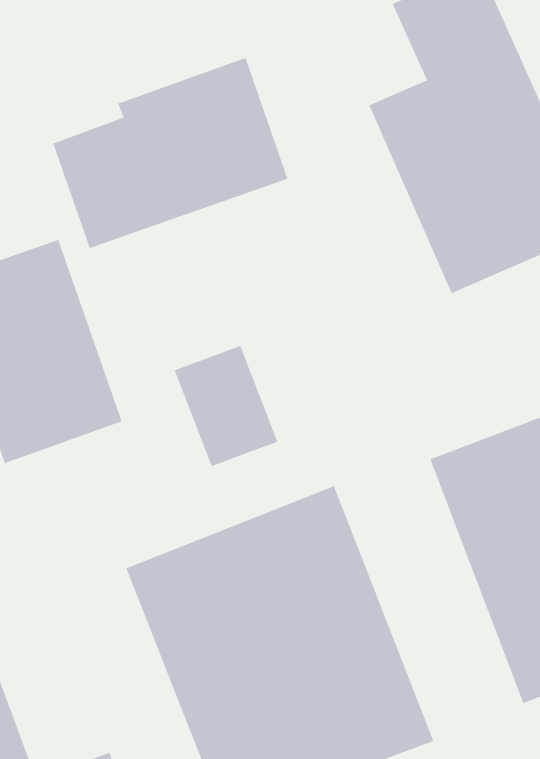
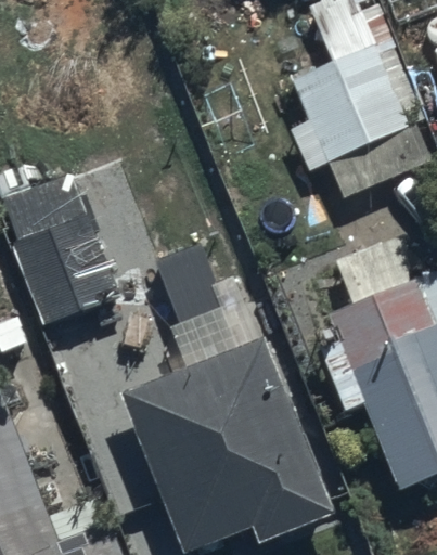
building: [52,57,288,249] -> none

